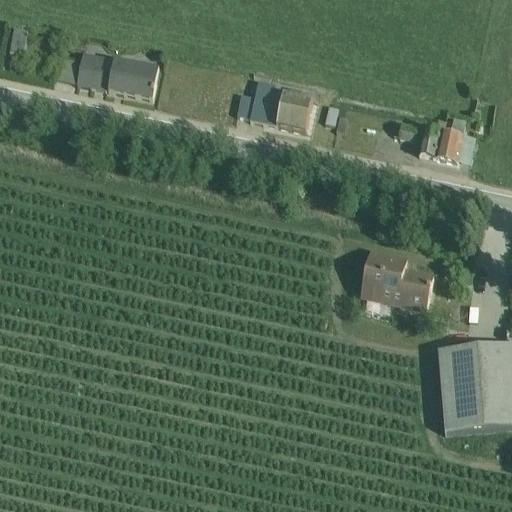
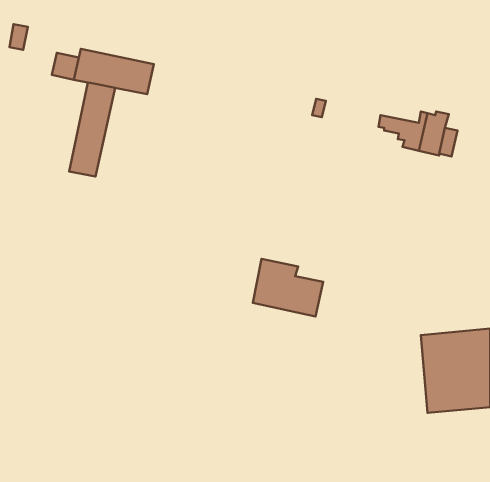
building: [238,78,313,131] -> none
building: none -> [69,82,115,176]
building: [361,250,434,310] -> [253,259,323,316]

